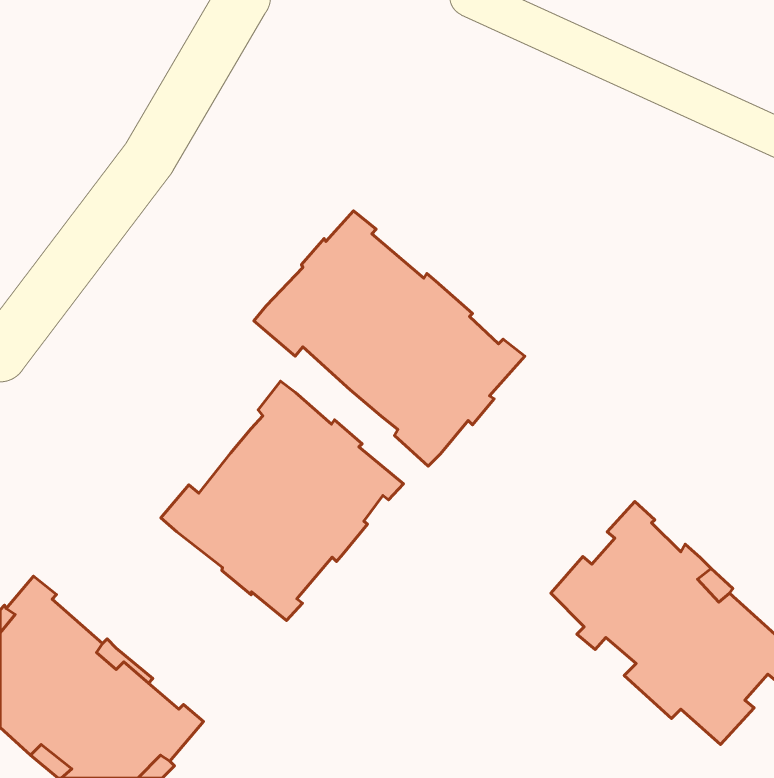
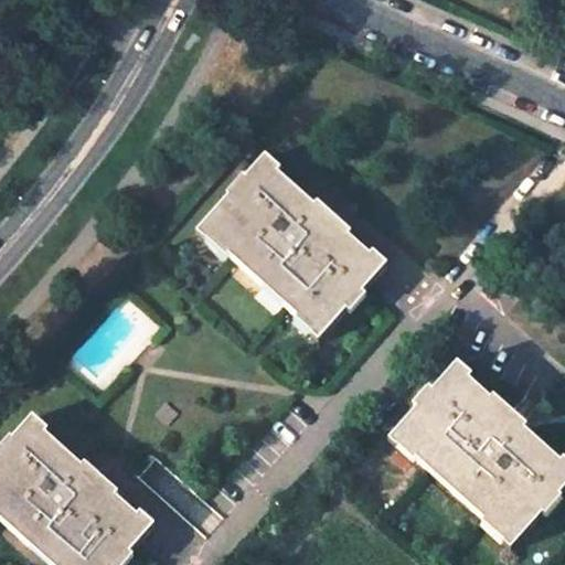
building: [161,381,404,620] -> none

